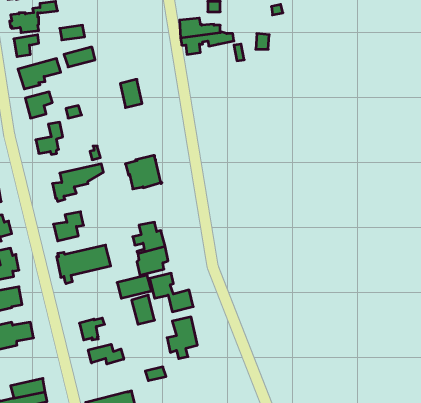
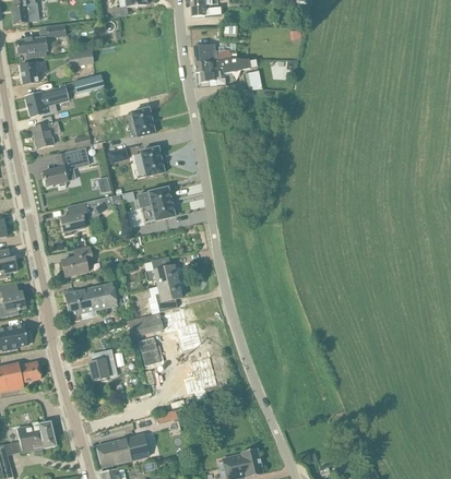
building: none -> [140,146,164,176]
building: [88,344,124,364] -> none

